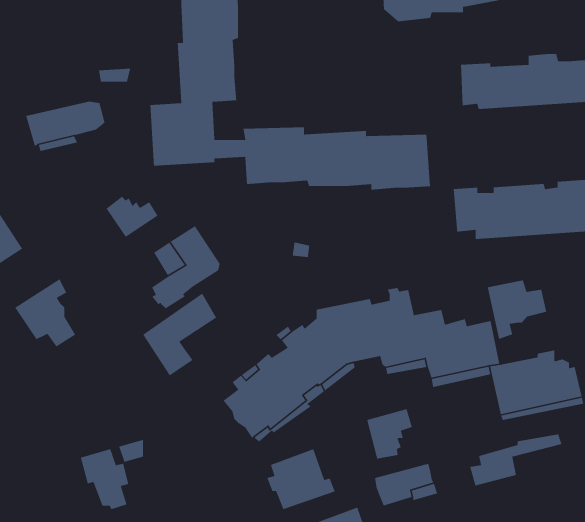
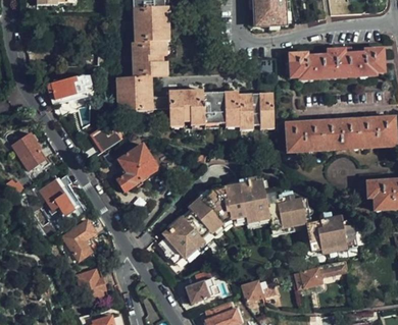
building: [487,280,547,340] -> none
building: [142,292,217,376] -> [63,213,105,260]
building: [366,408,413,459] -> none

